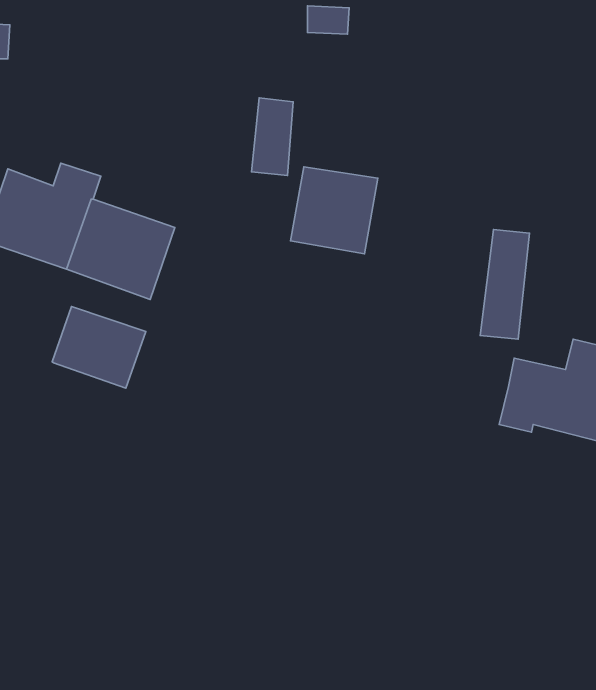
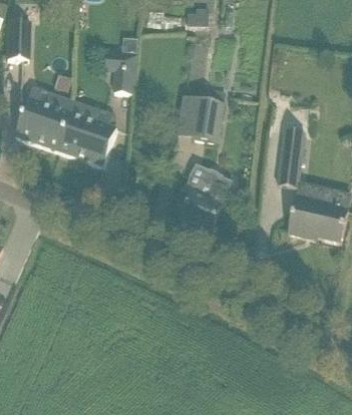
building: [252,98,293,176] -> [113,51,135,92]
building: none -> [178,167,229,231]
building: [52,307,146,388] -> none

